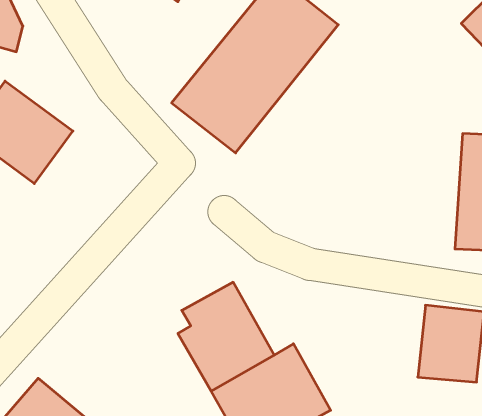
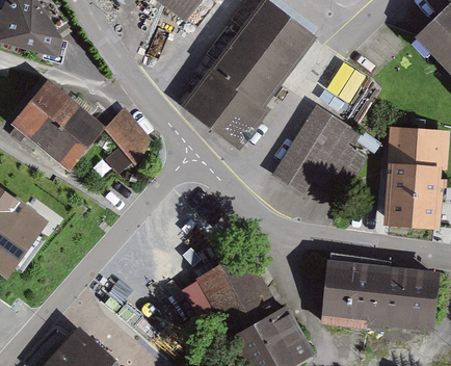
building: none -> [102,104,150,156]
building: none -> [273,107,364,191]
building: none -> [379,126,419,223]
building: none -> [320,254,389,326]

